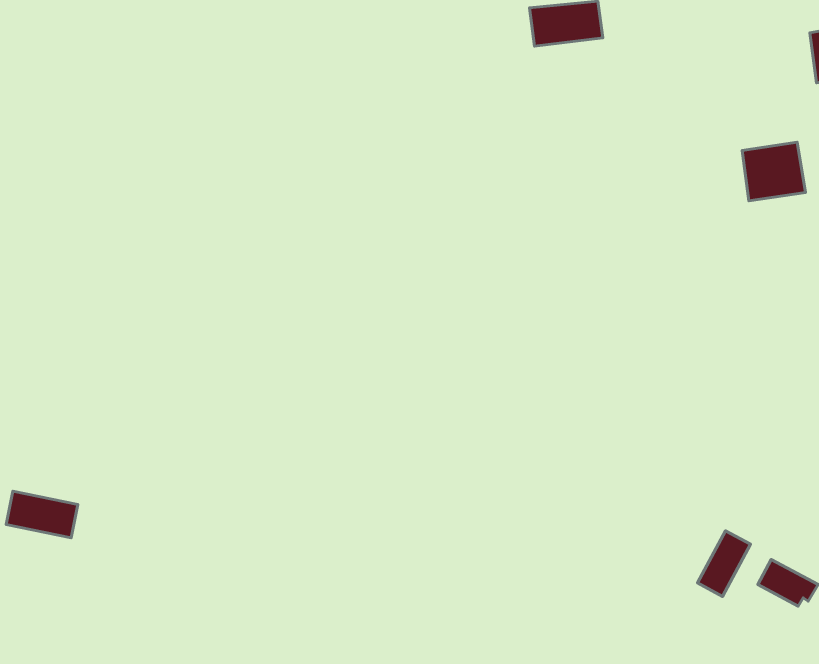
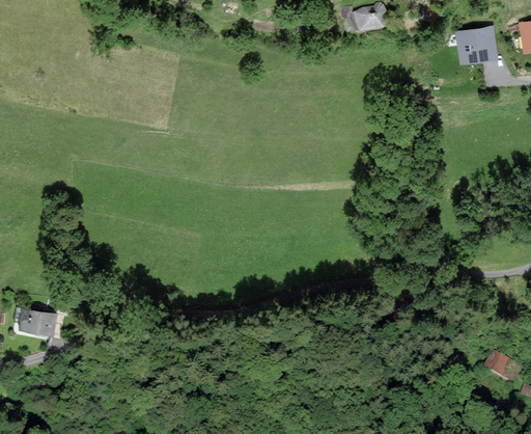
building: [742,142,805,201] -> [456,26,496,62]
building: [697,531,750,596] -> none

